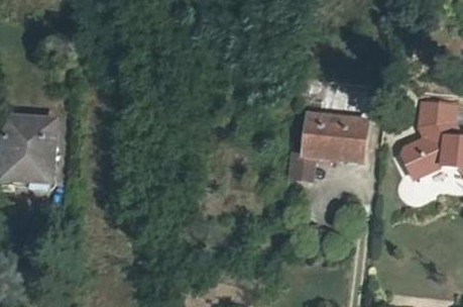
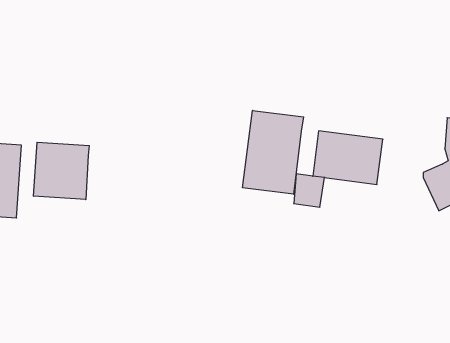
building: none -> [243,110,304,194]
building: none -> [34,142,89,200]

